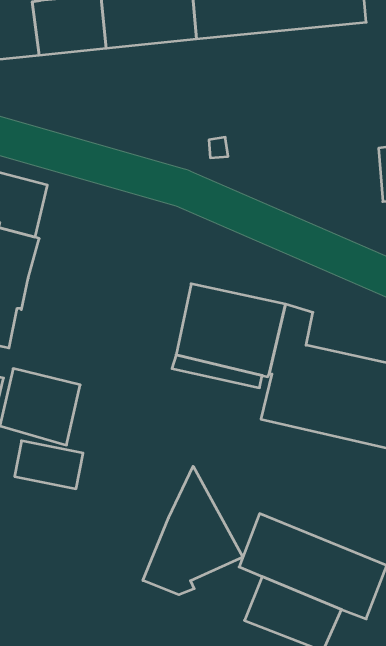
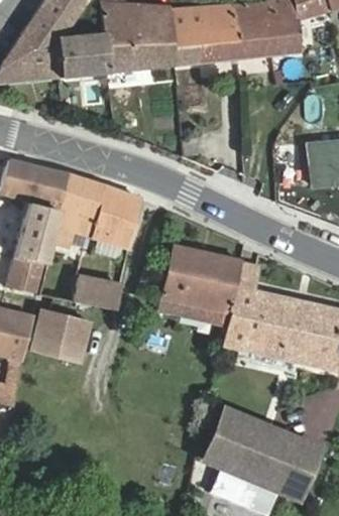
building: none -> [51,173,141,248]
building: [15,441,83,489] -> [72,275,122,310]
building: [143,466,243,595] -> none

